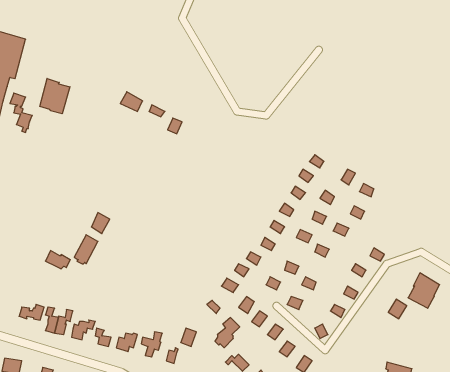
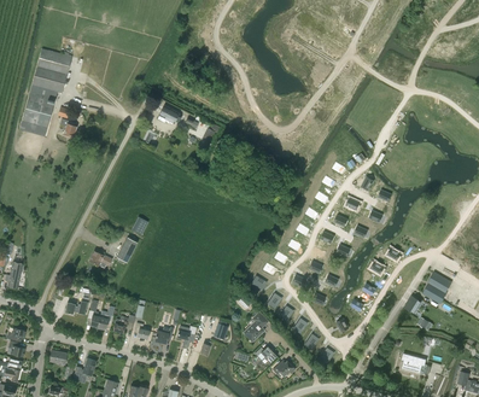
building: [40,78,70,114] -> none

